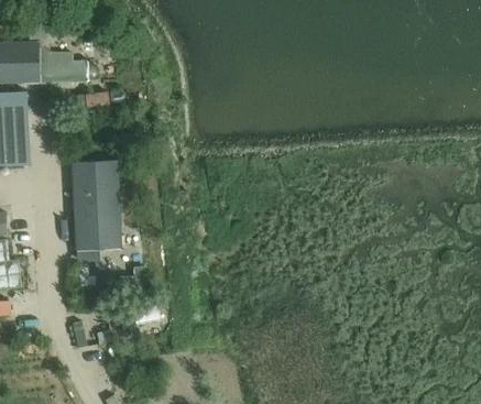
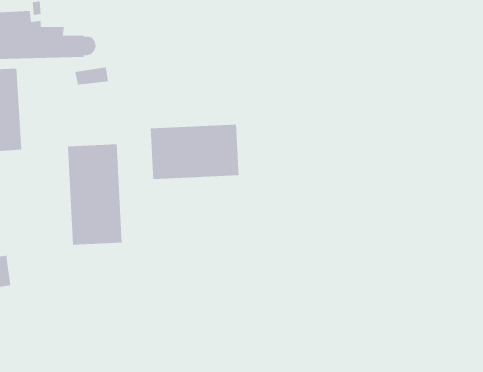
building: none -> [150,124,239,180]

